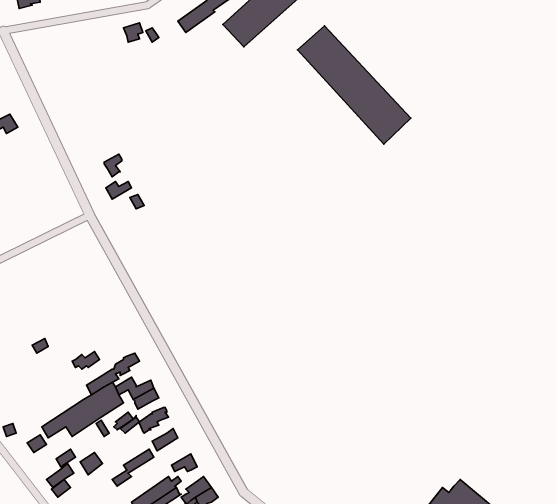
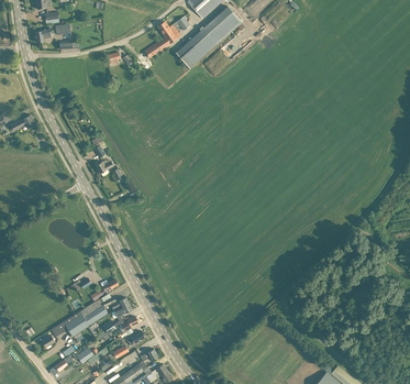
building: [298,26,411,144] -> none

